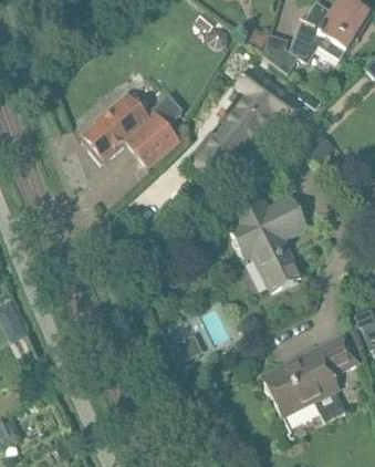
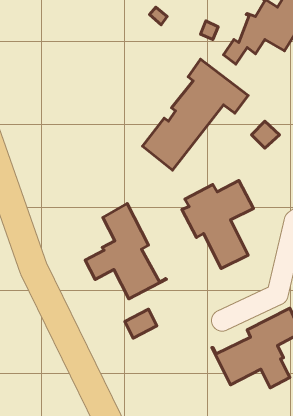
building: [82,93,181,168] -> none
building: none -> [85,204,167,299]

